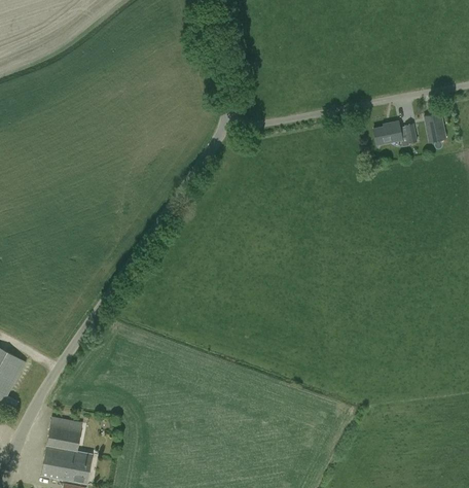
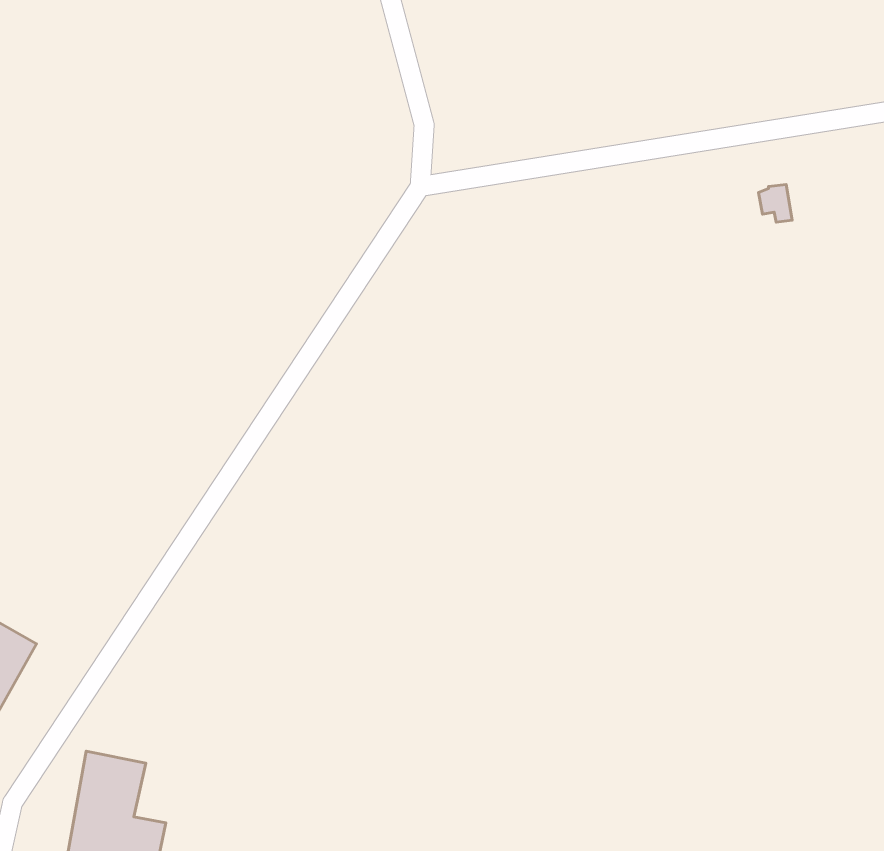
building: [424,112,445,141] -> none
building: [373,121,401,145] -> none

